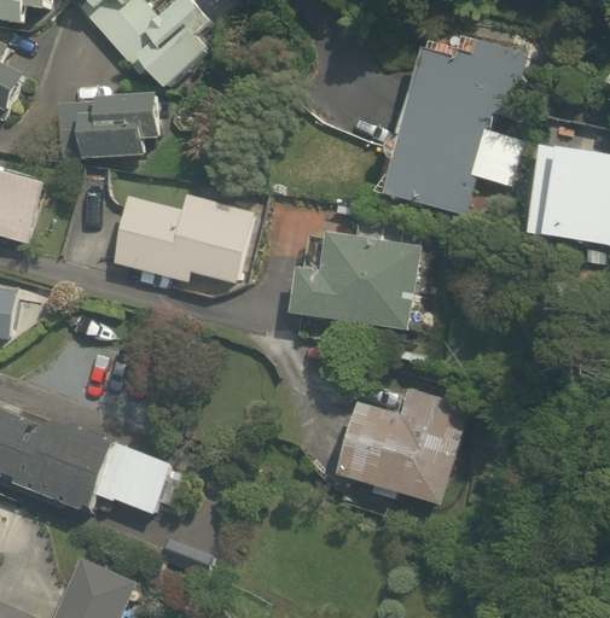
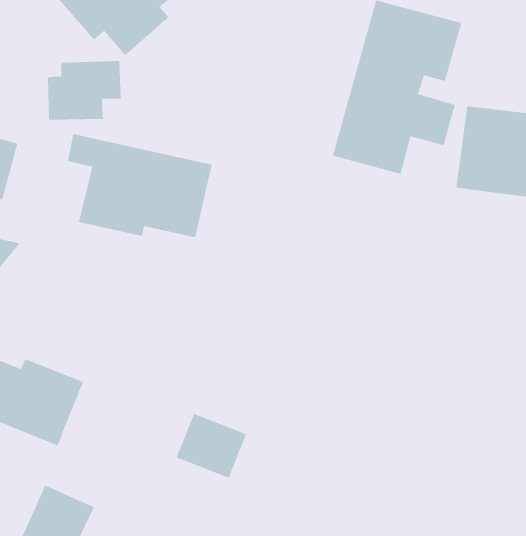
building: [289,233,413,327] -> none
building: [339,385,469,502] -> none
building: [98,443,175,514] -> [176,413,247,478]

